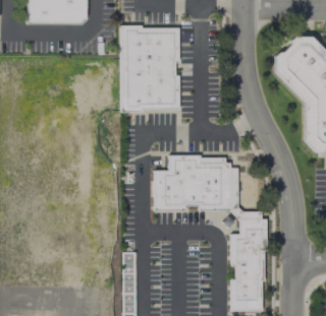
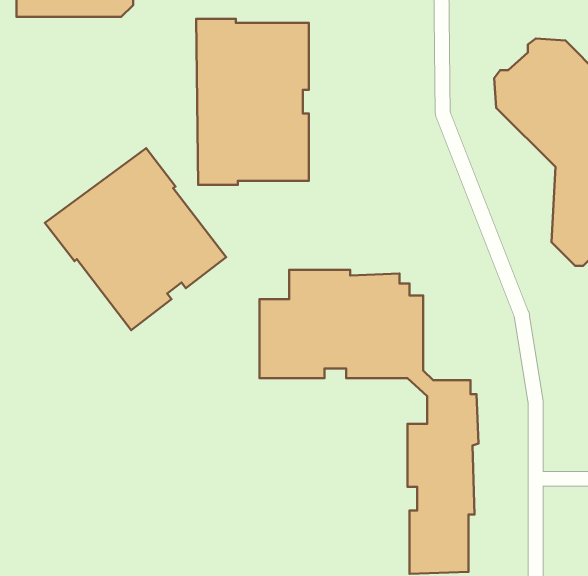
building: none -> [45,148,226,330]

